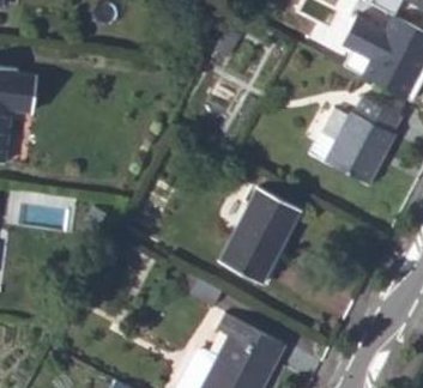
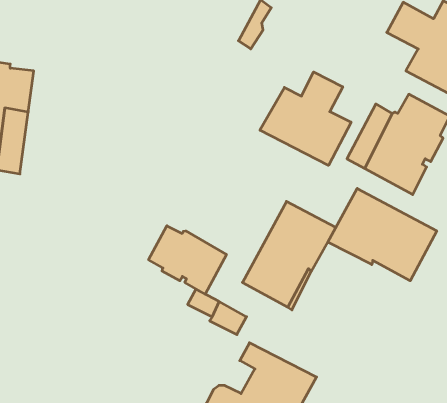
building: none -> [260,72,351,165]
building: none -> [328,188,437,281]
building: none -> [149,226,226,294]

